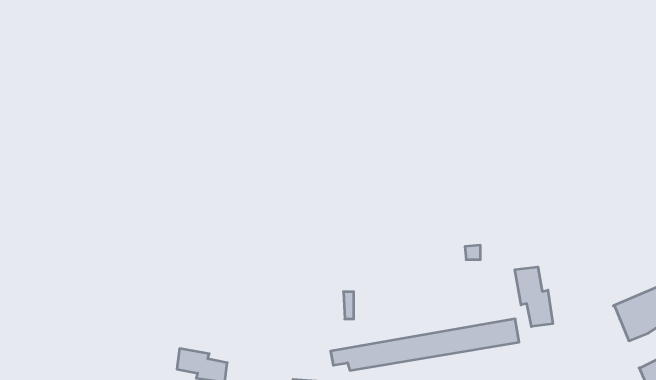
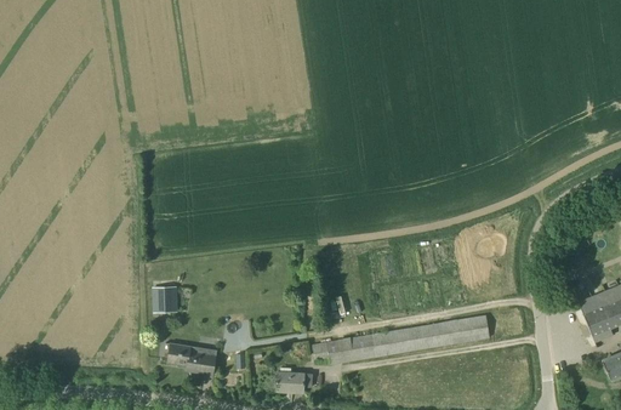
building: [515,267,553,327] -> none
building: none -> [153,287,178,312]

